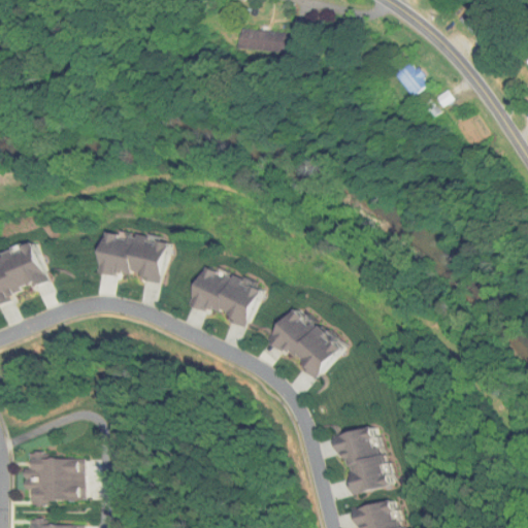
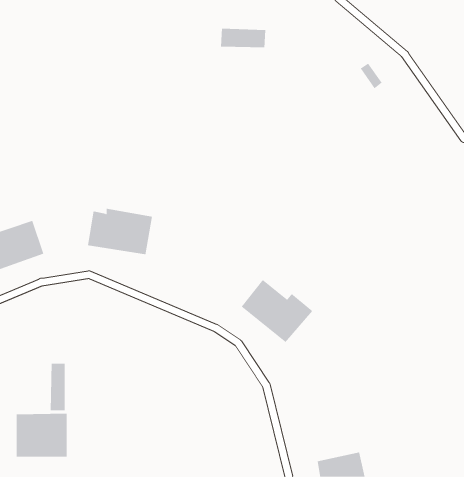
building: [185,265,263,327] -> none
building: none -> [50,363,65,411]
building: [330,423,392,494] -> none

